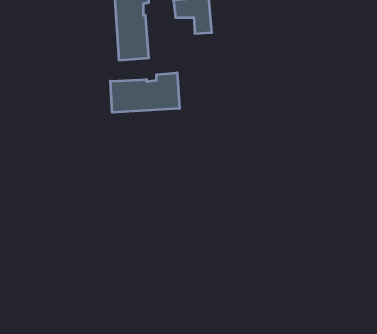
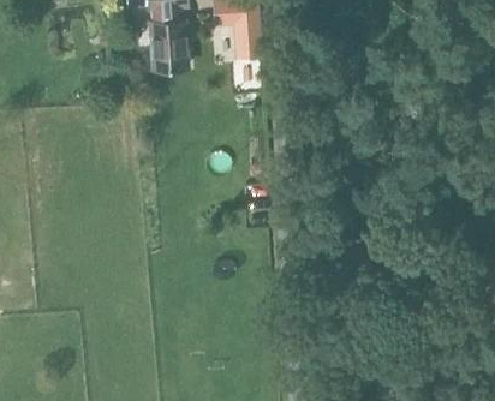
building: [110,73,179,112] -> none

